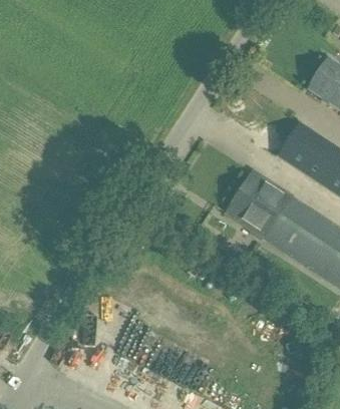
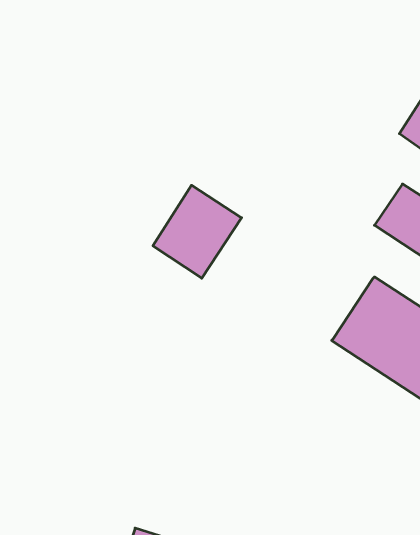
building: [225,172,285,236] -> [153,185,242,278]

